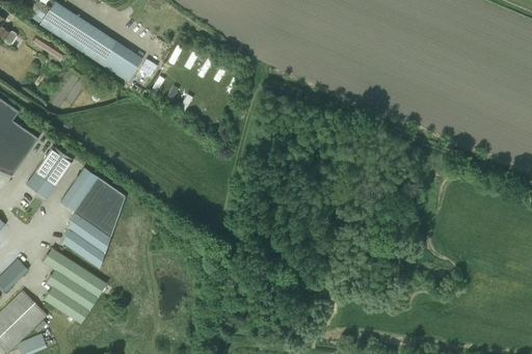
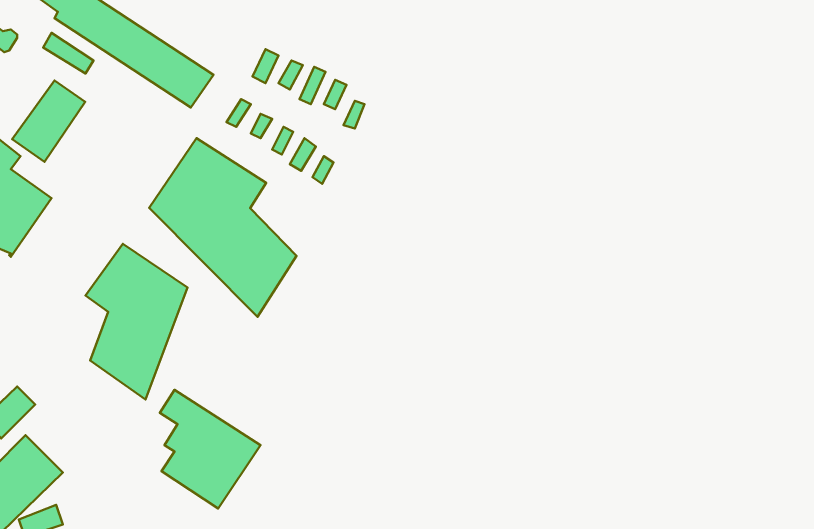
building: none -> [149,138,297,317]
building: [26,146,73,198] -> [12,81,85,162]
building: [43,248,107,324] -> [160,390,260,508]

